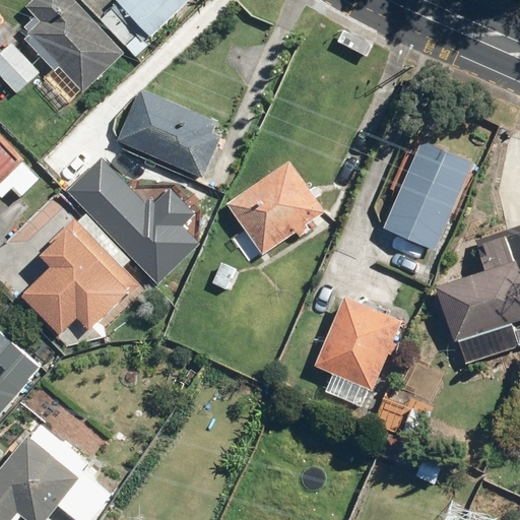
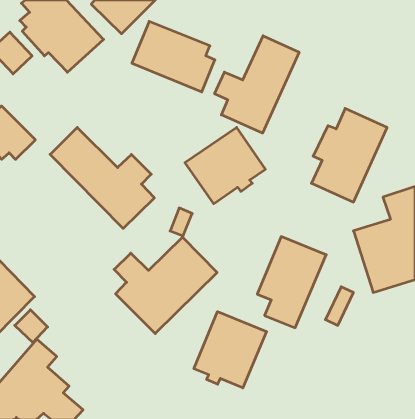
building: none -> [215,36,299,133]
building: [113,91,215,179] -> [132,21,215,92]
building: [18,214,130,334] -> none
building: none -> [114,237,217,334]
building: none -> [194,312,267,388]

